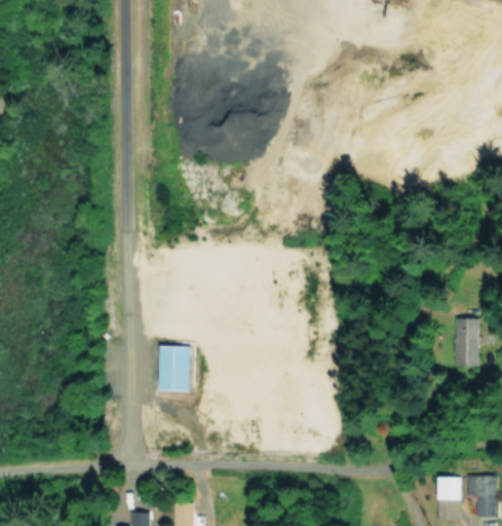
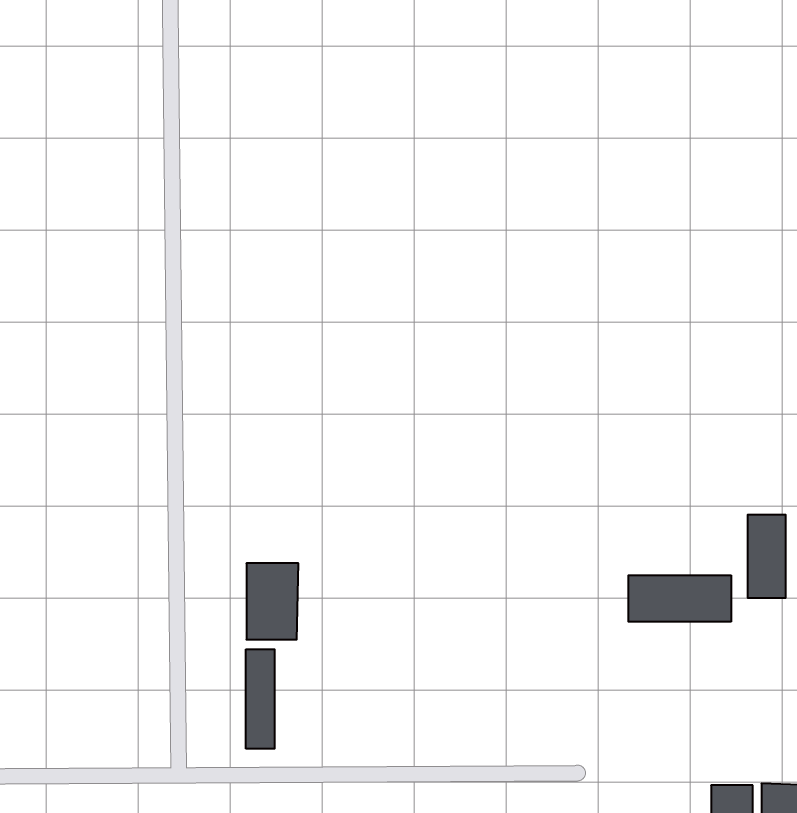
building: none -> [628,575,731,622]
building: none -> [246,649,275,749]

